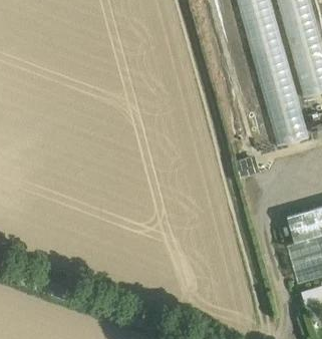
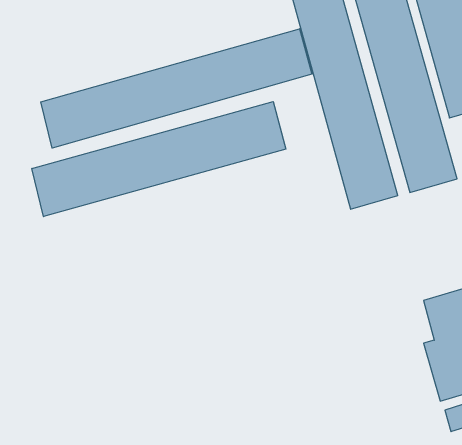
building: none -> [41,29,312,148]
building: none -> [32,102,286,217]

